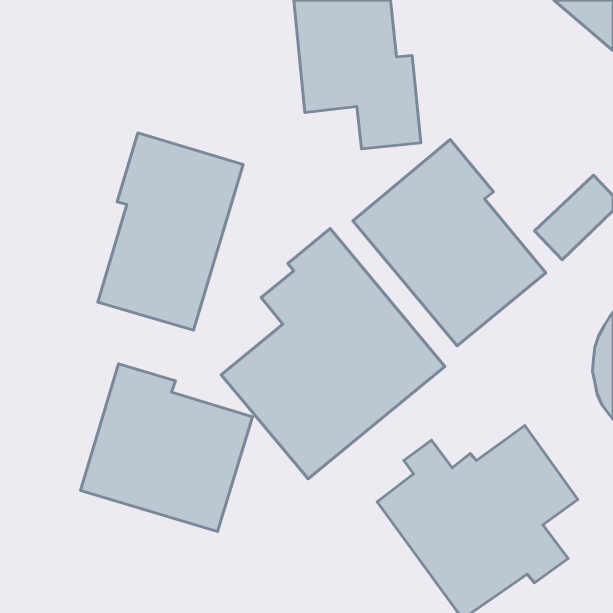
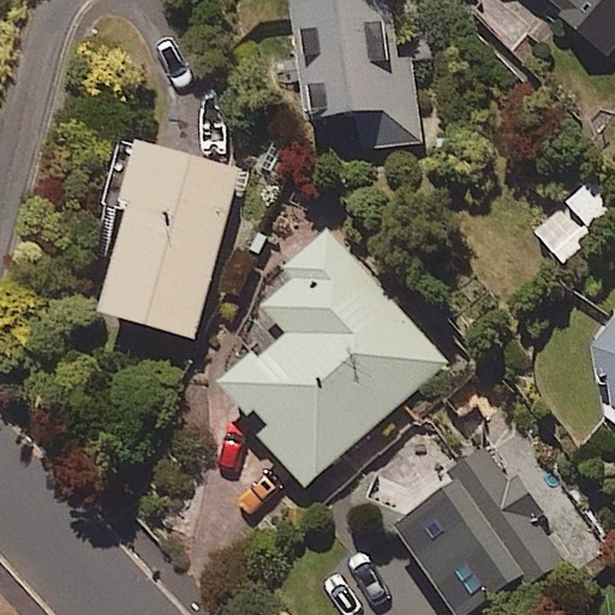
building: [353,140,546,346] -> none
building: [81,364,252,531] -> none

